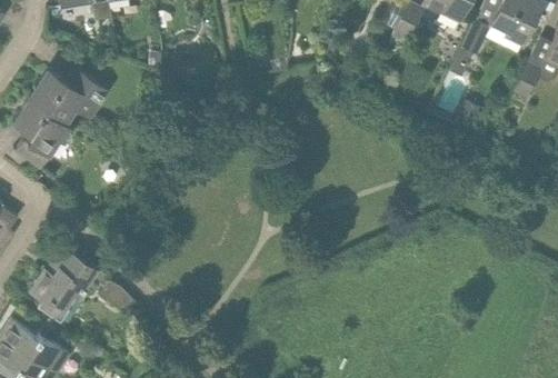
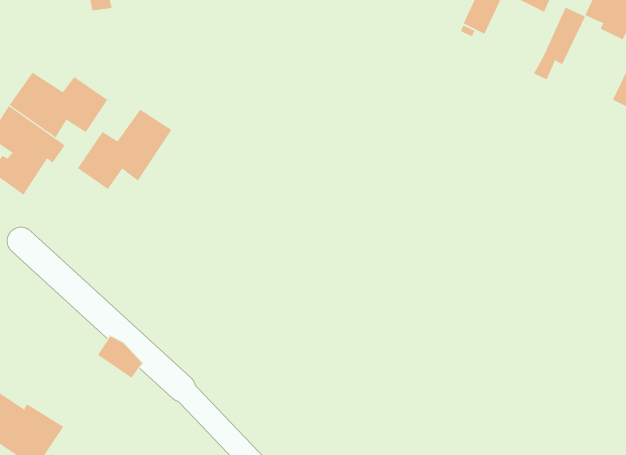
building: none -> [77,109,172,190]
building: [30,246,97,324] -> none

